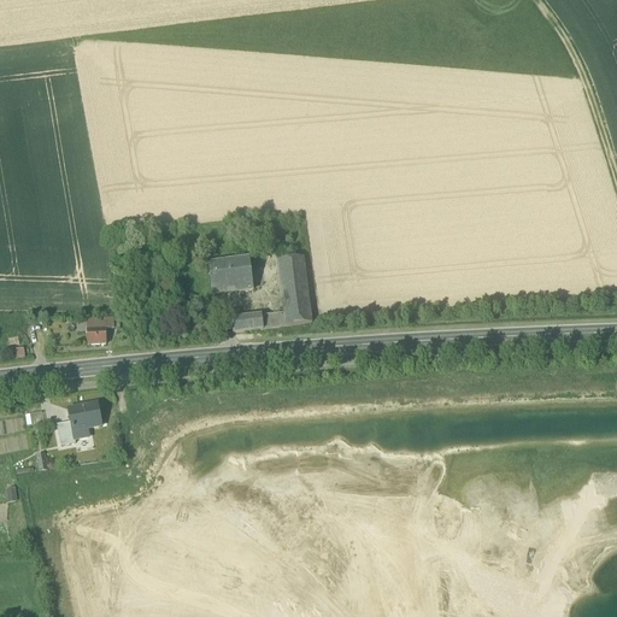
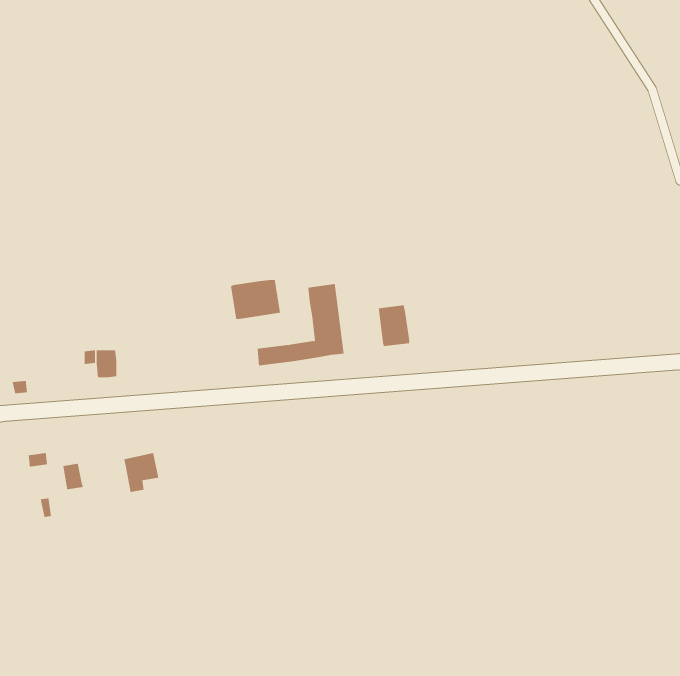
building: none -> [378,305,410,347]
building: [69,401,101,437] -> [123,453,159,492]

